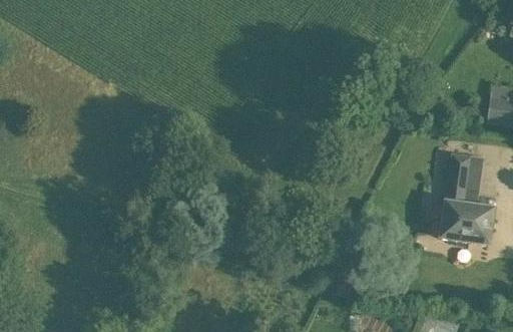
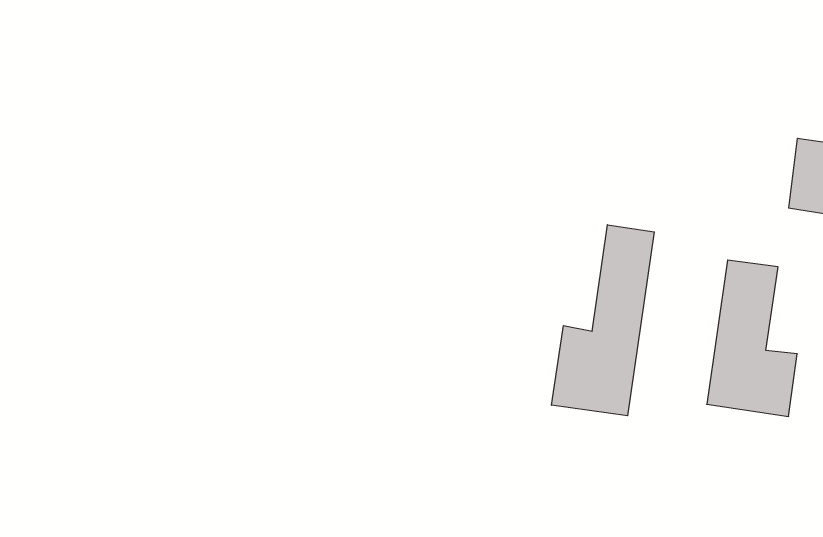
building: none -> [552,225,654,416]

